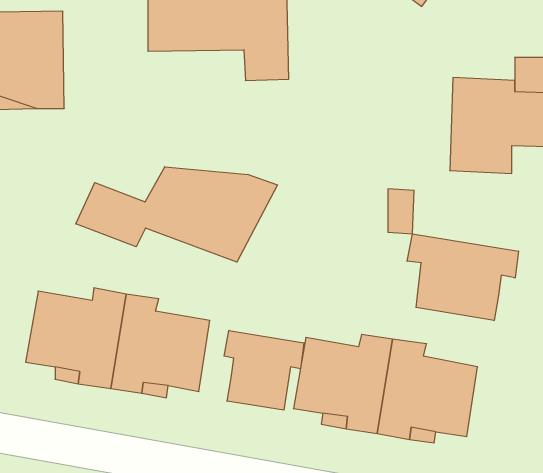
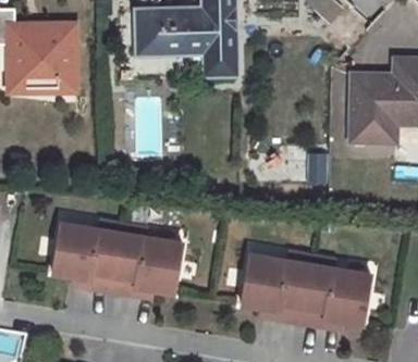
building: [76,167,278,262] -> none
building: [407,234,518,321] -> none
building: [224,330,304,410] -> none

